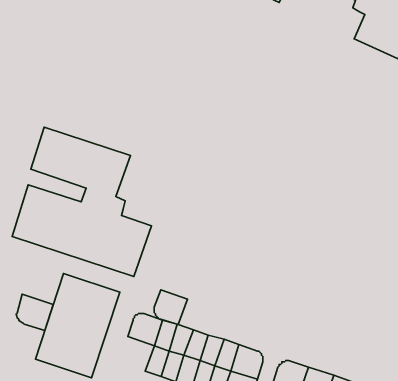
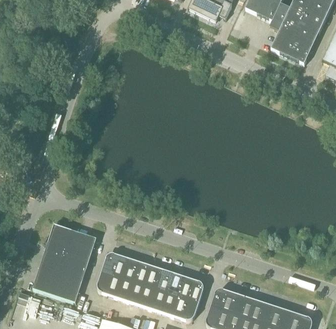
building: [12,127,151,276] -> none
building: [154,290,188,325] -> [97,270,122,296]
building: [16,294,53,331] -> none

